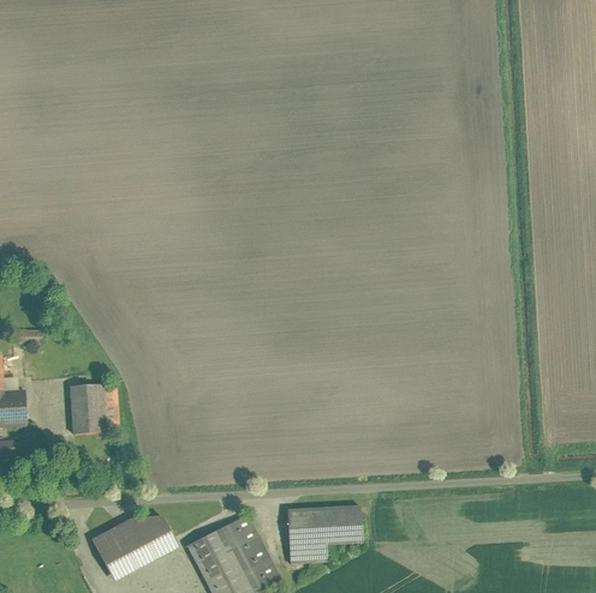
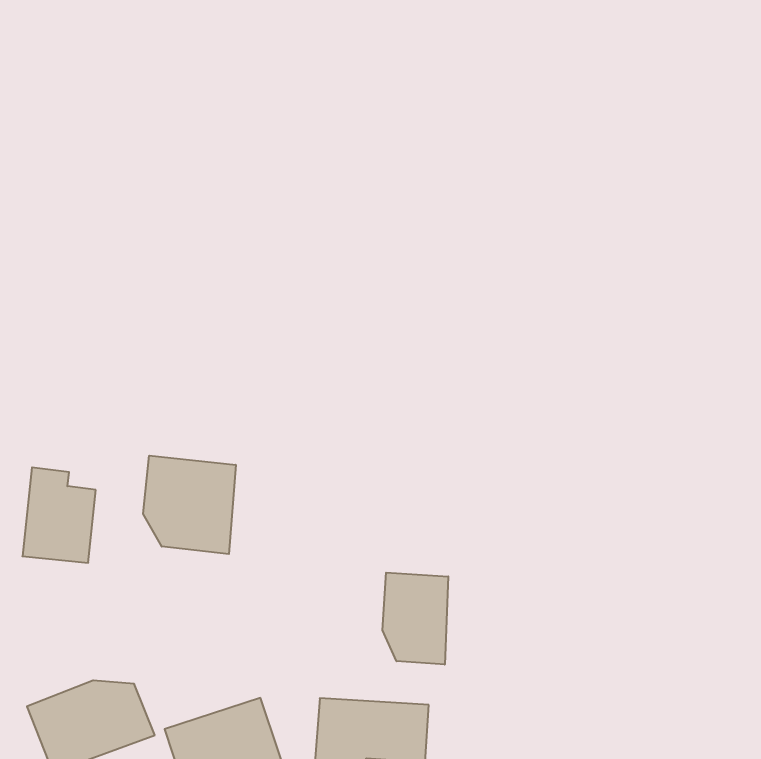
building: none -> [143,456,236,554]
building: none -> [383,573,448,665]

